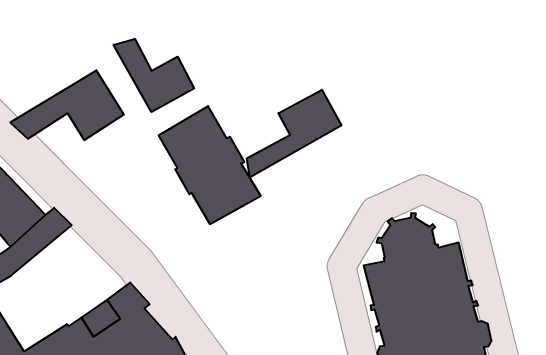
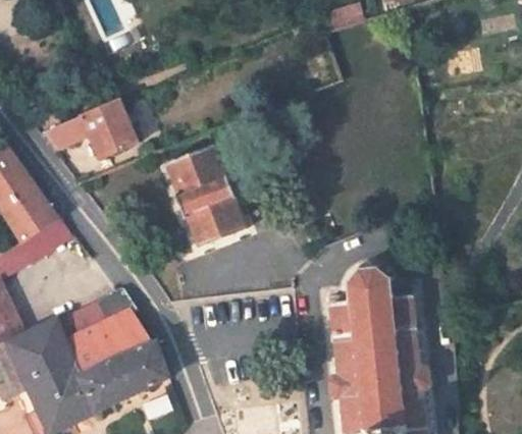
building: [114,39,194,112] -> none
building: [247,90,341,177] -> none

